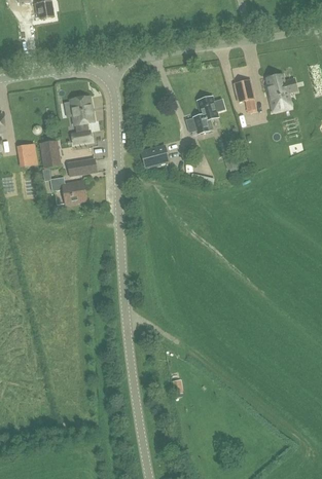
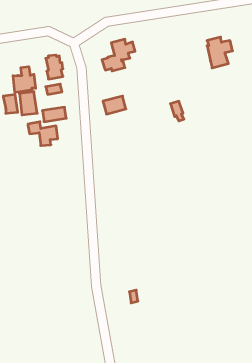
building: [234,79,255,111] -> none
building: [184,95,224,133] -> [102,39,135,71]
building: none -> [13,67,36,92]

